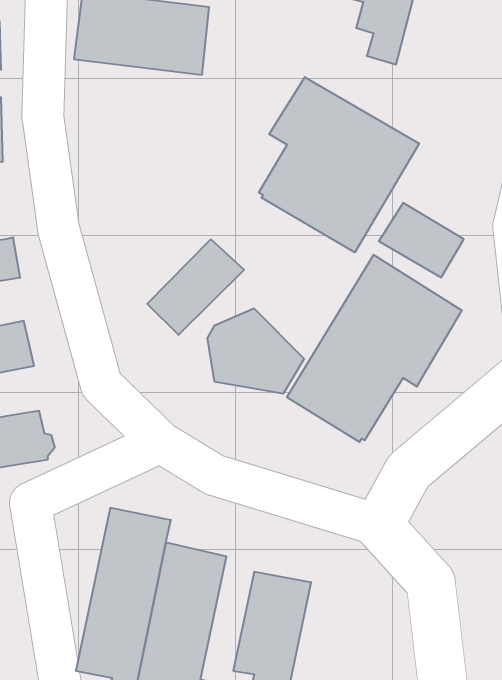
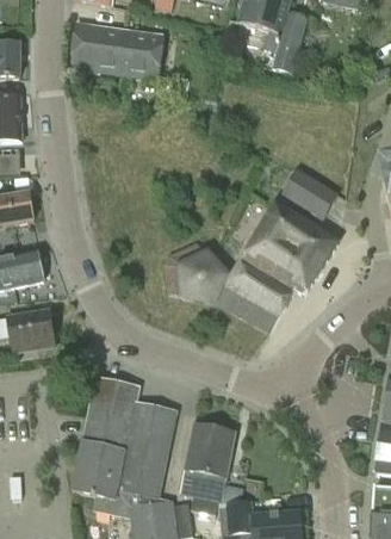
building: [259,77,419,252] -> none
building: [147,239,244,335] -> none

